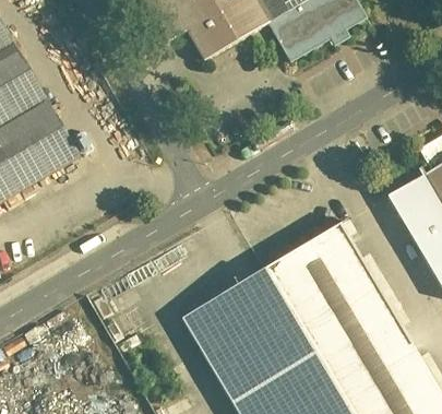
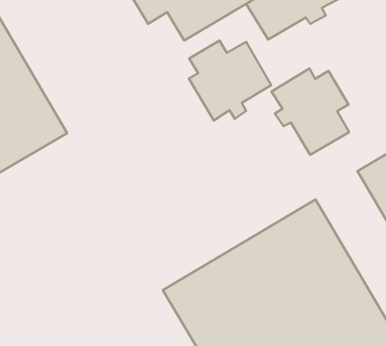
building: none -> [189,40,271,121]
building: none -> [271,69,349,155]

